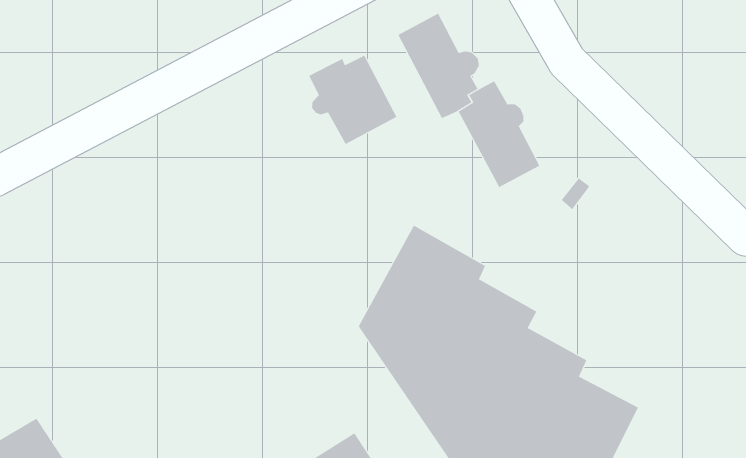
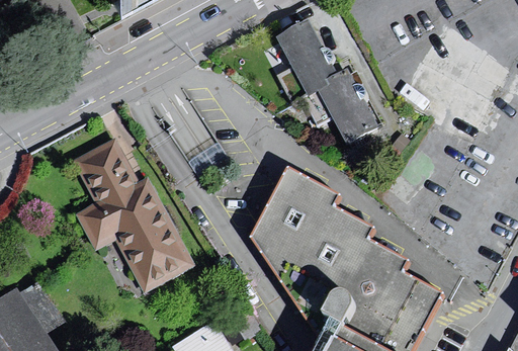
building: [309,55,397,145] -> none
building: none -> [75,143,198,298]

